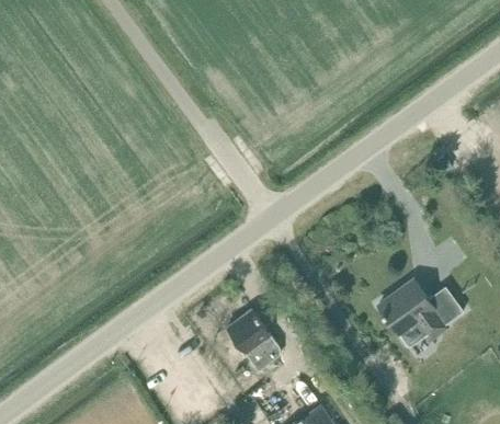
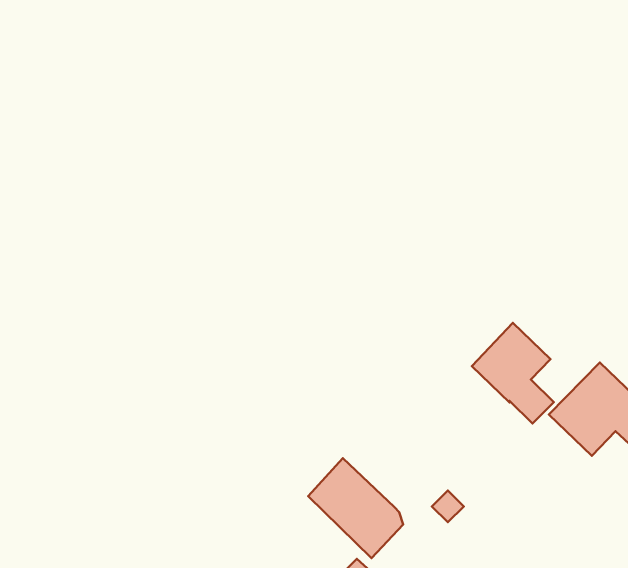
building: none -> [472,323,554,424]

